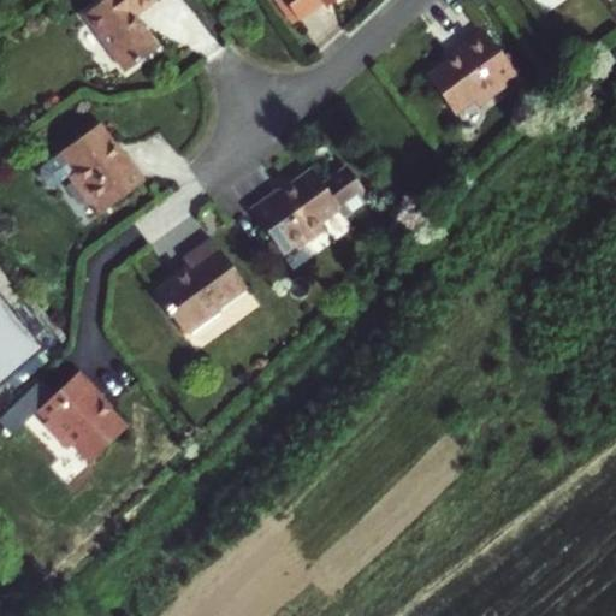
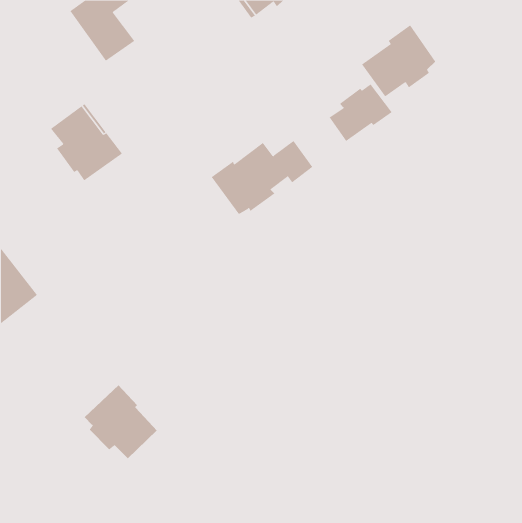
building: none -> [329,83,393,142]
building: [153,239,245,332] -> none
building: [37,373,124,461] -> [84,385,157,459]

